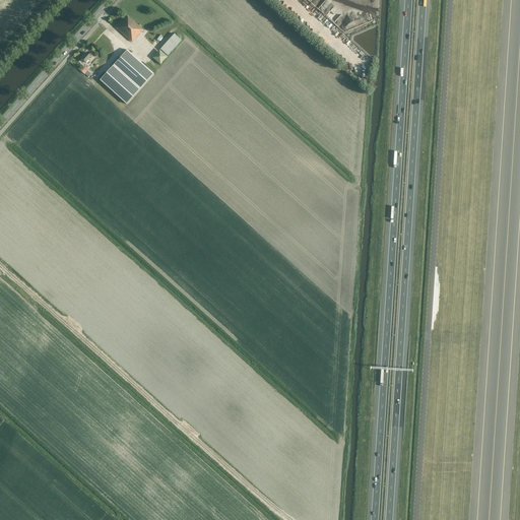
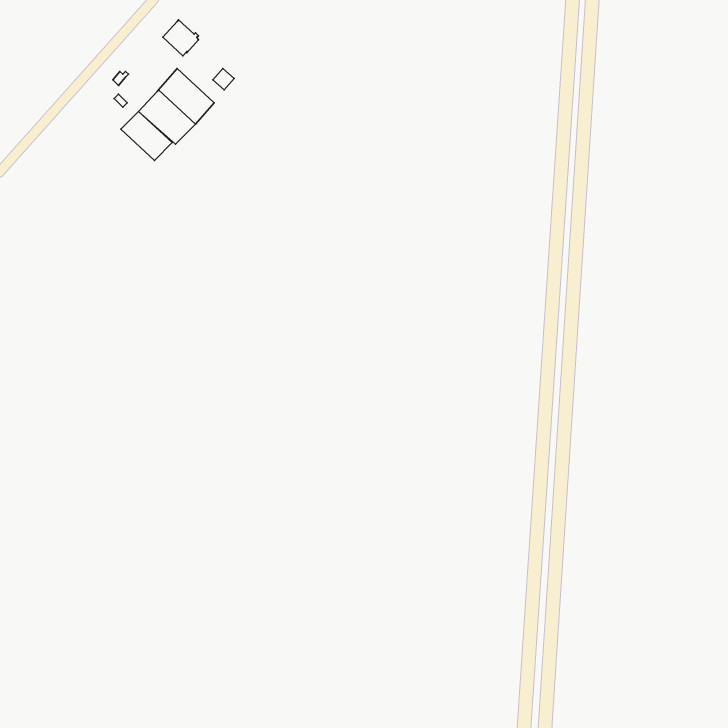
building: none -> [121,111,172,160]

